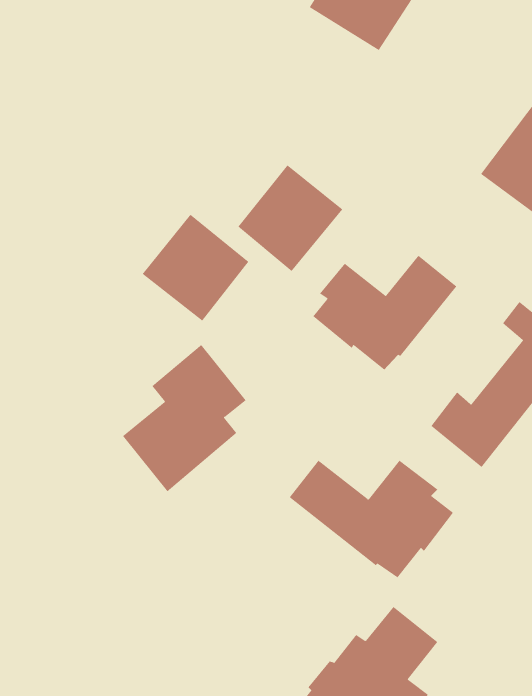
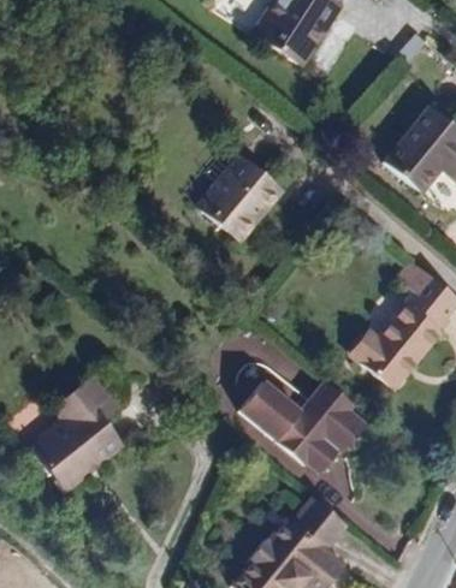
building: [142,214,249,321] -> none
building: [312,255,457,370] -> none
building: [122,344,247,492] -> [29,379,125,493]

